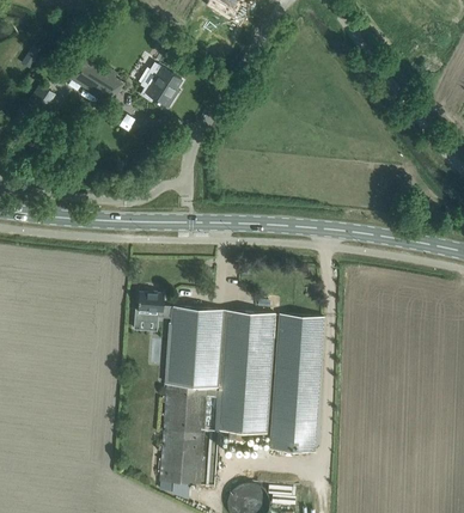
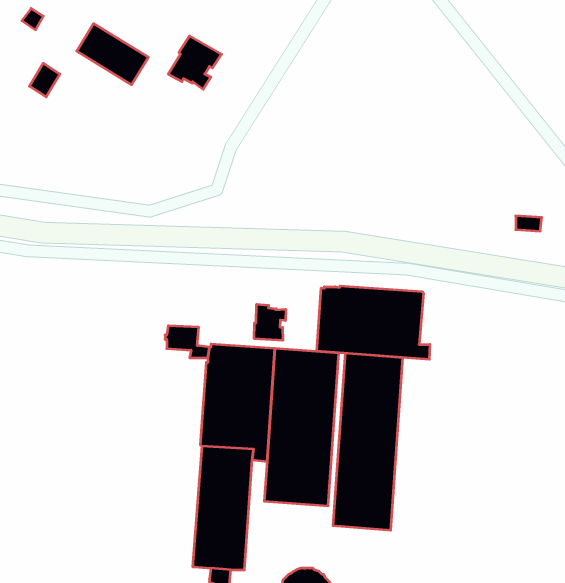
building: none -> [317,286,430,359]
building: none -> [254,304,286,340]

